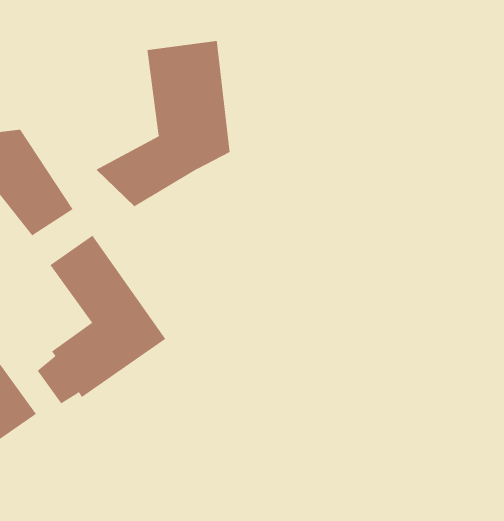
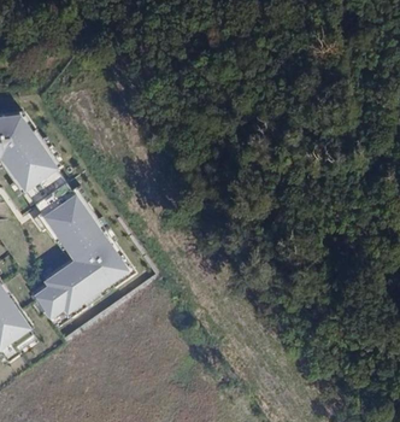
building: [96,40,230,207] -> none

